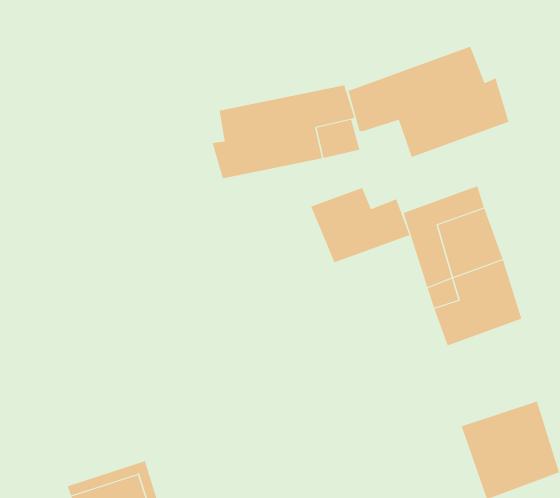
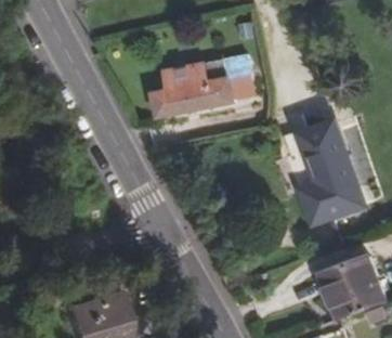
building: [348,46,509,158] -> none
building: [311,187,410,263] -> none

